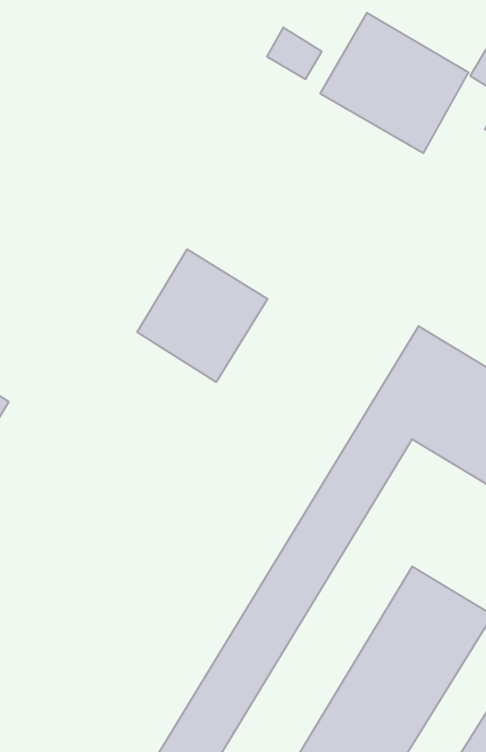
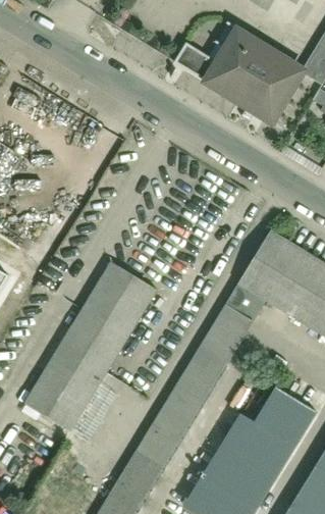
building: [137,249,268,382] -> none
building: none -> [28,269,162,439]

